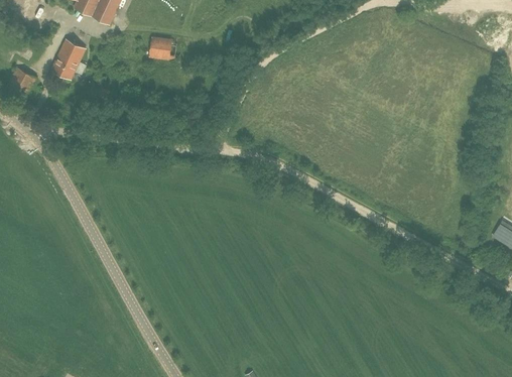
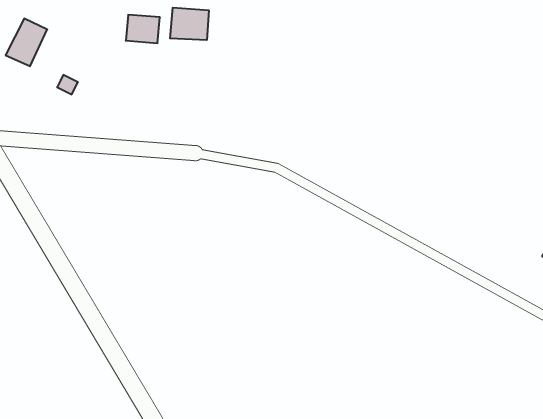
building: none -> [170,8,209,40]

